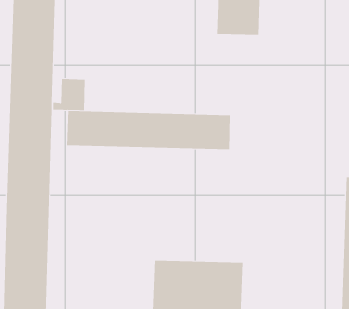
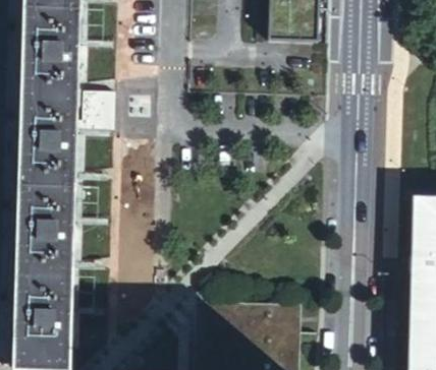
building: [66,110,230,150] -> none

